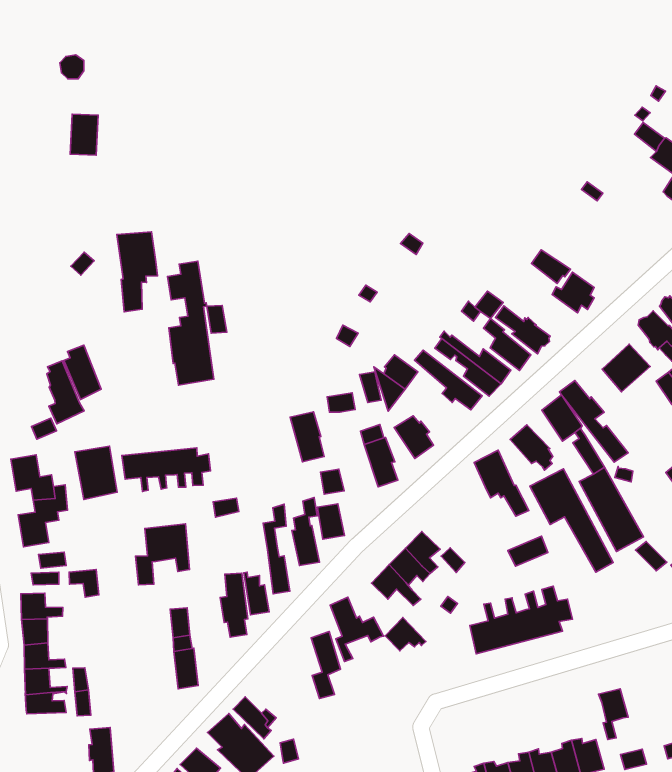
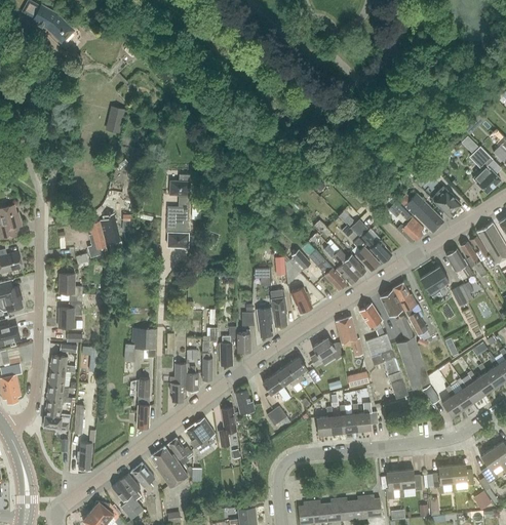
building: [70,114,98,155] -> [106,107,126,133]
building: none -> [433,187,461,216]
building: [117,232,158,312] -> none
building: none -> [399,194,443,232]
building: [290,412,324,462] -> [257,308,273,336]
building: [75,446,117,499] -> none
building: [122,448,210,491] -> none
building: none -> [309,337,341,366]
building: none -> [185,417,213,451]
building: none -> [398,469,422,497]

